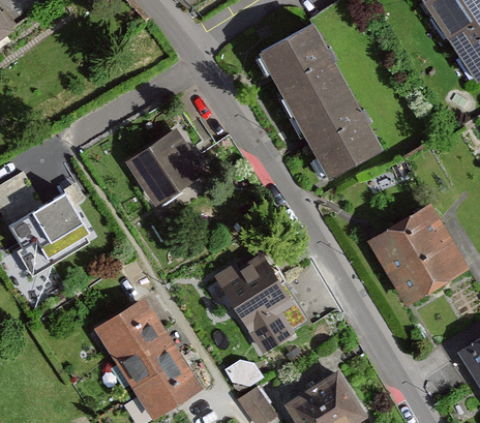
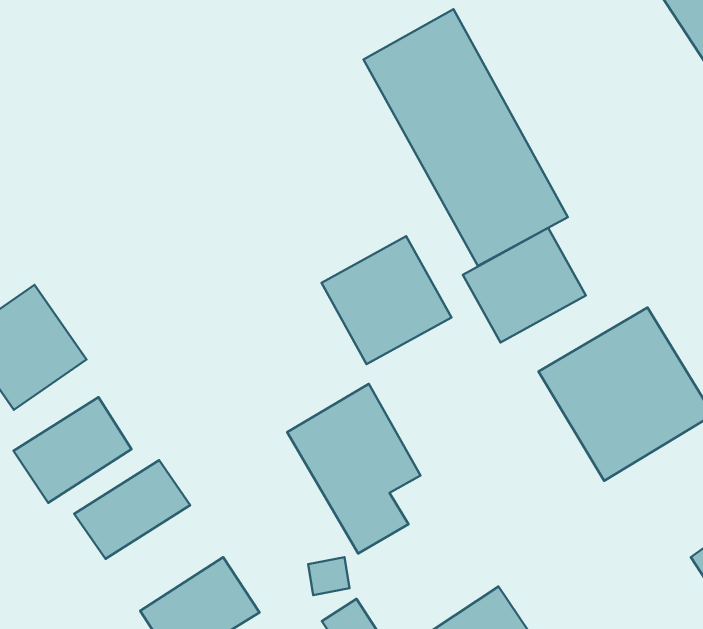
building: [124,132,202,209] -> [321,236,451,364]
building: none -> [463,228,586,342]
building: [107,323,177,386] -> [14,397,131,503]

